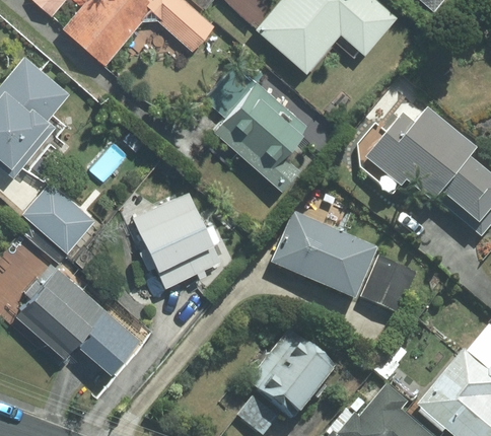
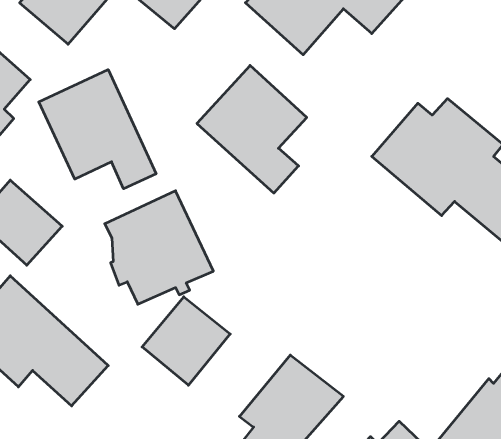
building: none -> [39,70,156,189]
building: [270,211,425,319] -> none
building: none -> [142,297,230,385]

